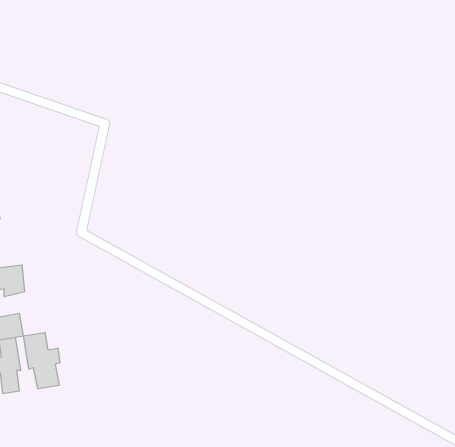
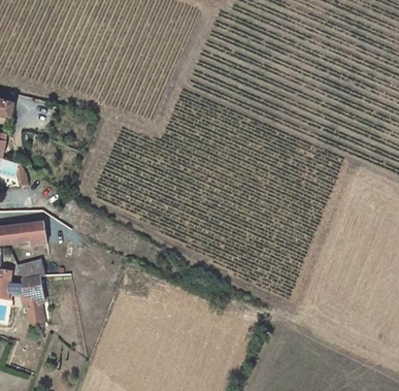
building: [24,332,60,389] -> none

